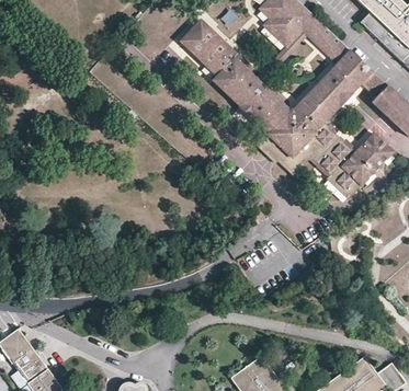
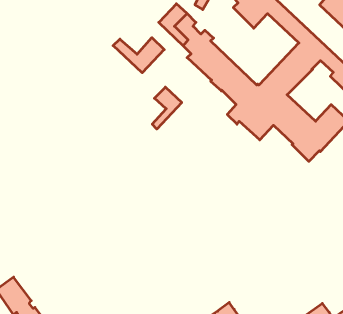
building: none -> [113,38,164,73]
building: none -> [152,87,182,129]

